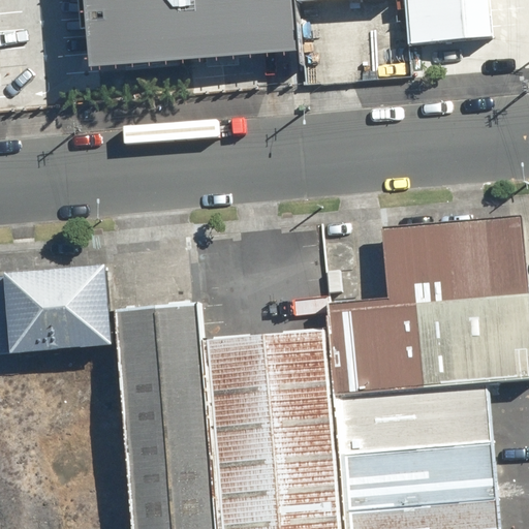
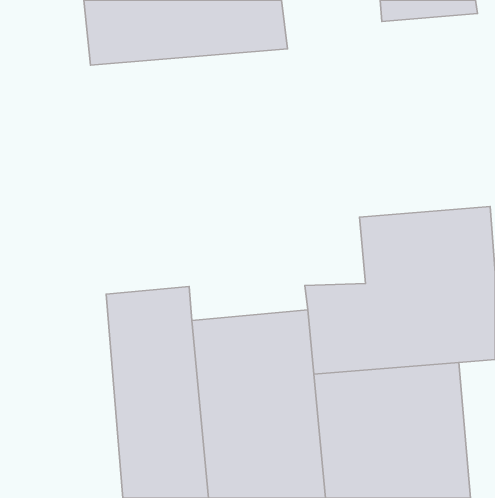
building: [6,267,113,352] -> none

